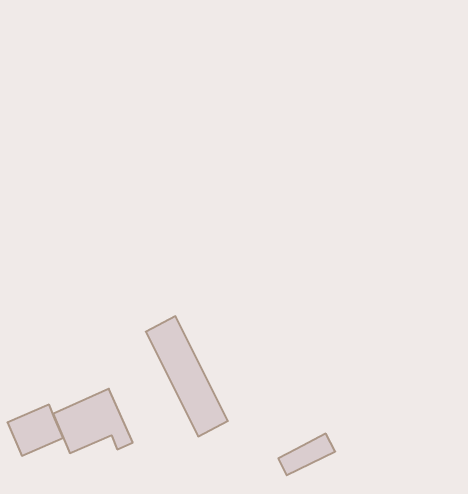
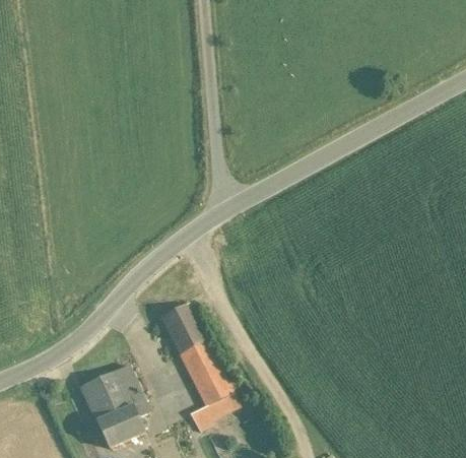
building: [7,405,63,456] -> [95,404,143,448]
building: [278,434,335,475] -> [190,392,239,428]

